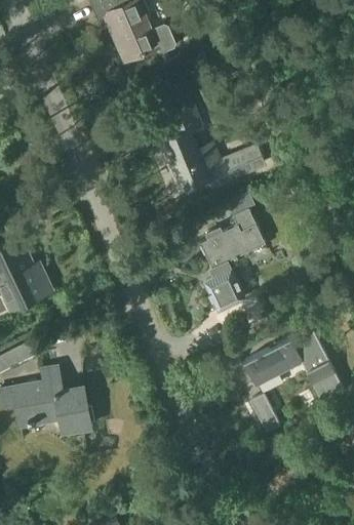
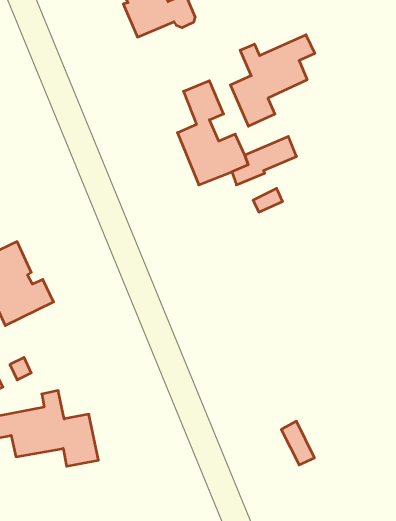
building: none -> [230,35,315,126]
building: [201,210,265,313] -> none
building: [244,329,344,405] -> none

